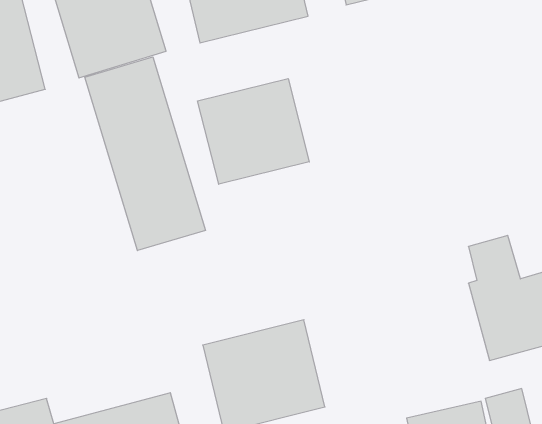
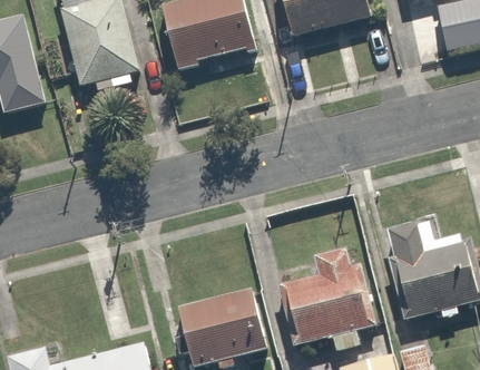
building: [85,57,205,251] -> none
building: [198,79,309,184] -> none
building: none -> [278,244,381,348]

